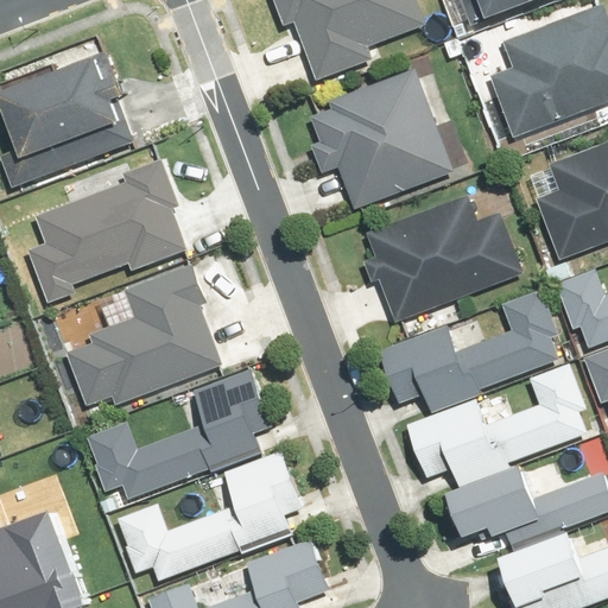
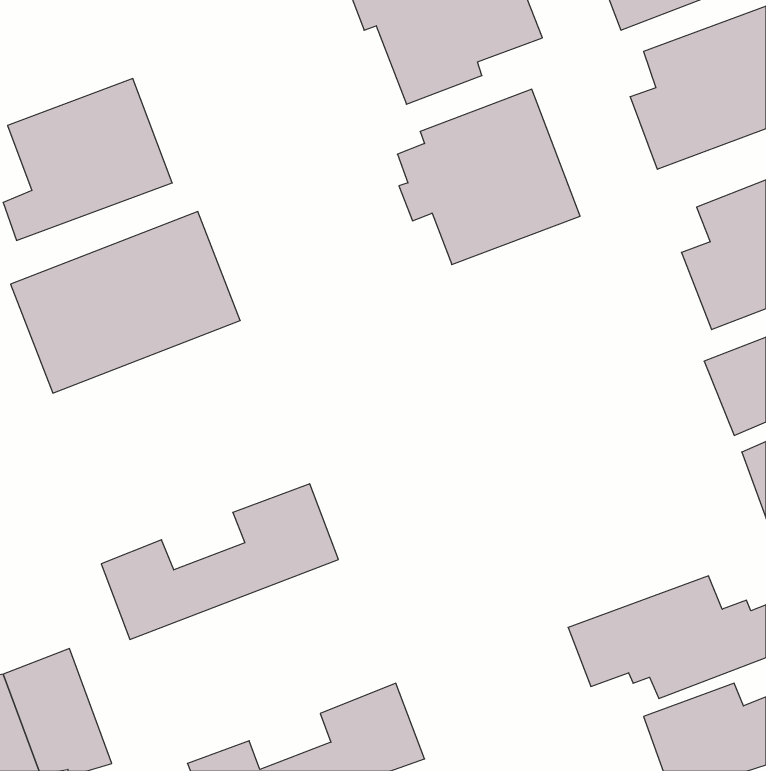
building: [363,195,527,321] -> none
building: [59,270,222,423] -> none
building: [376,290,563,412] -> none
building: [406,368,593,489] -> none
building: [115,452,302,575] -> none

